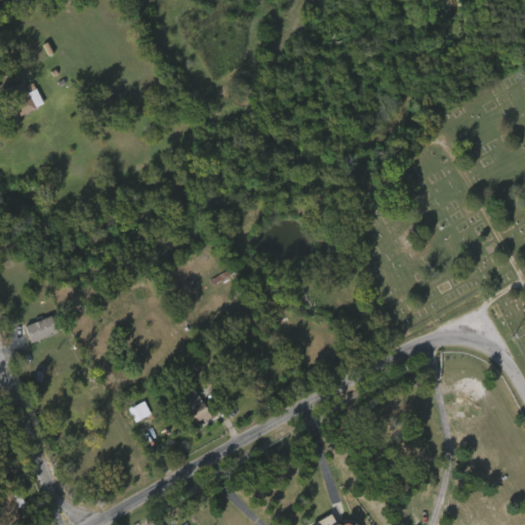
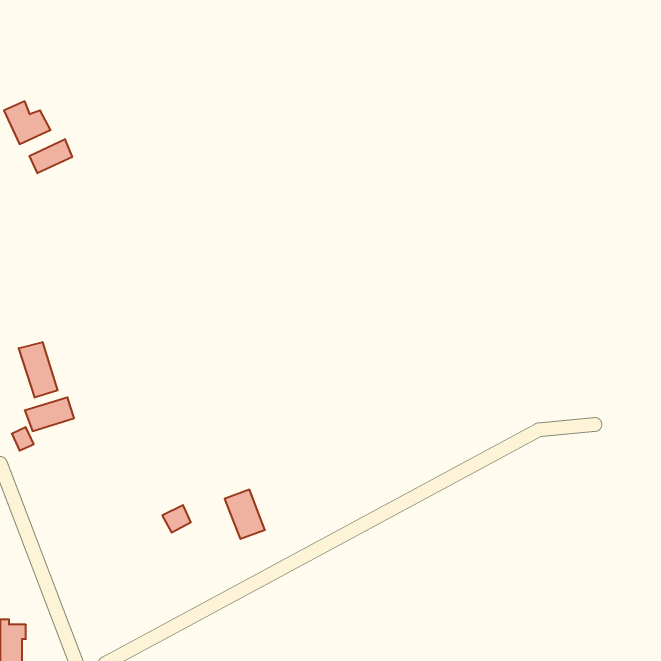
building: none -> [29,139,72,173]
building: none -> [19,342,58,398]

